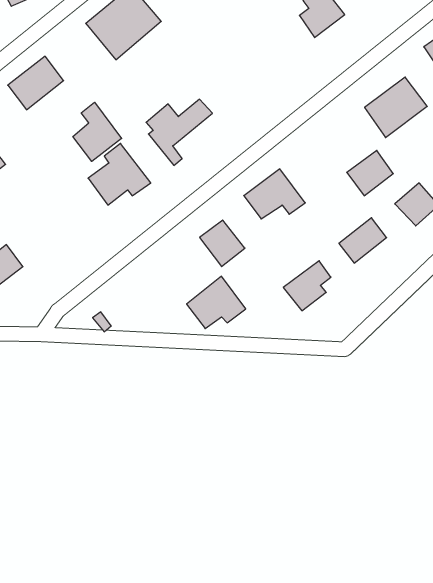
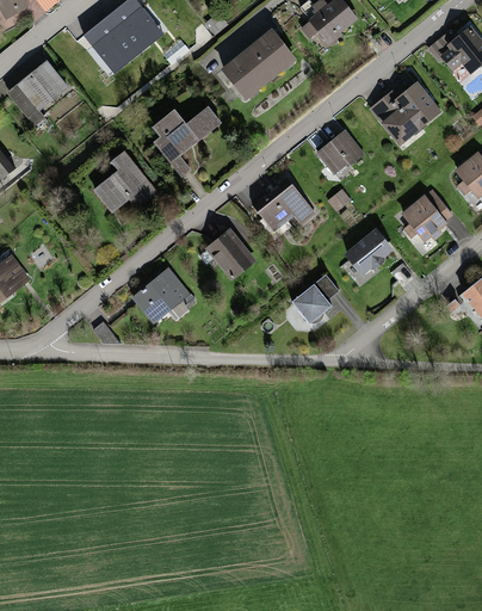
building: none -> [220,32,293,103]
building: [73,102,122,161] -> none
building: [347,150,393,196] -> [314,129,362,175]
building: [187,276,246,329] -> [131,267,192,321]

